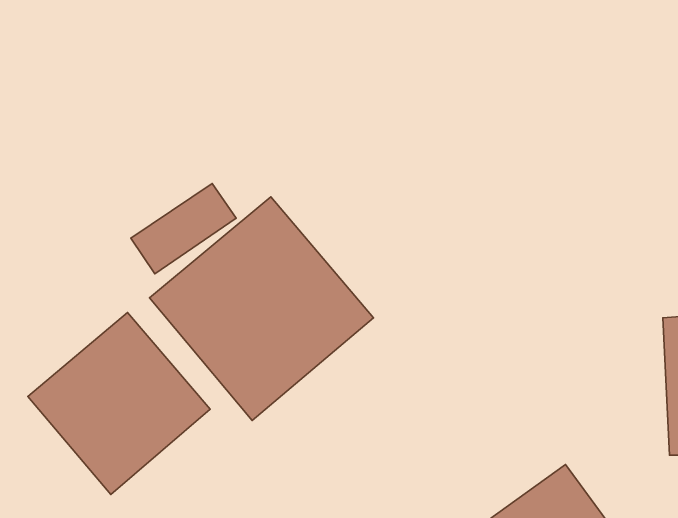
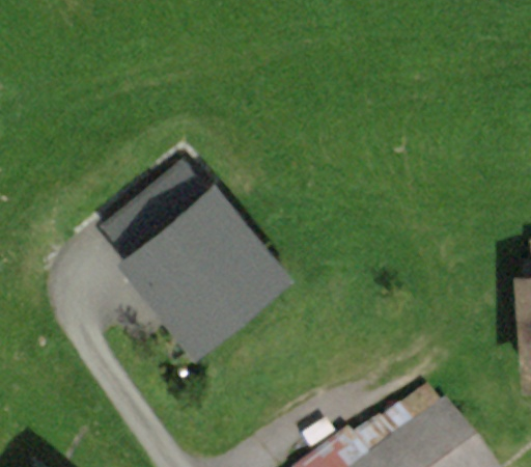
building: [28,313,210,494] -> none

